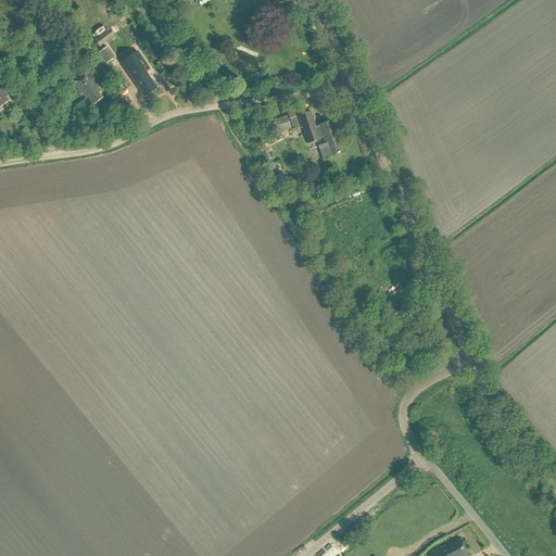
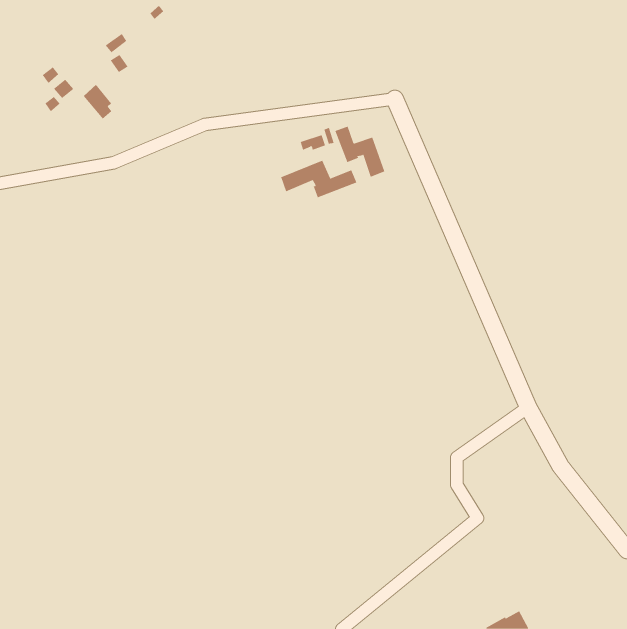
building: [119,52,154,97] -> none
building: none -> [281,160,357,198]

